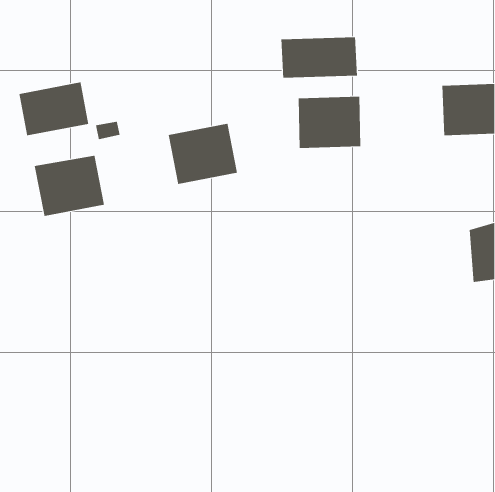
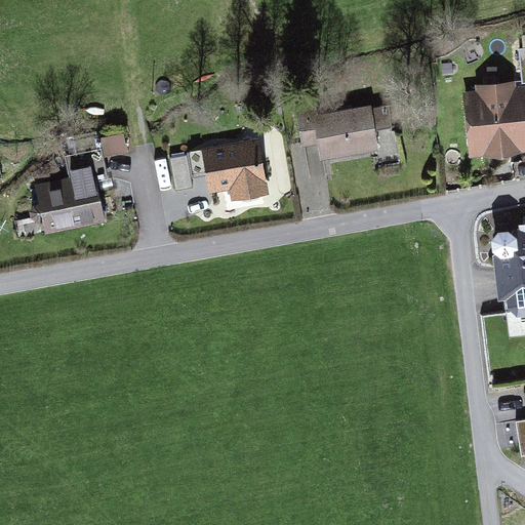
building: [281,36,358,79] -> none
building: [19,82,89,136] -> none

